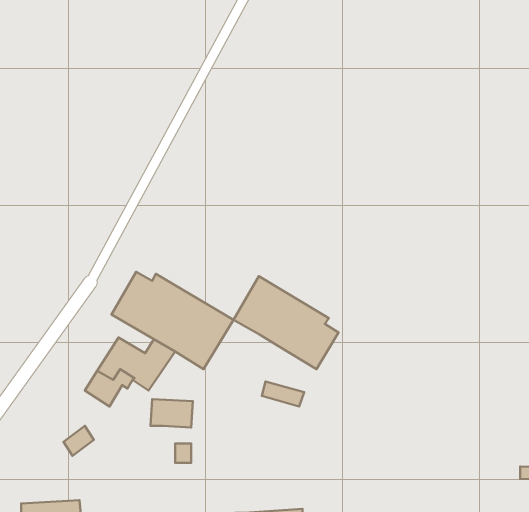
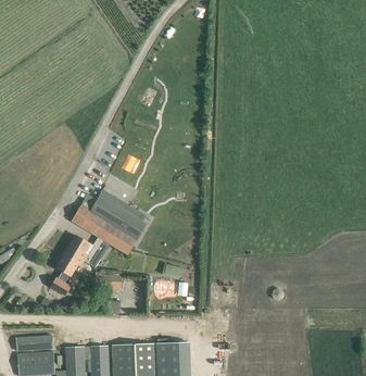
building: [234,276,339,369] -> none

